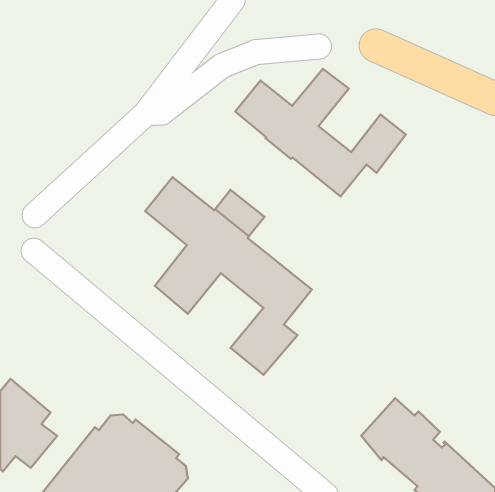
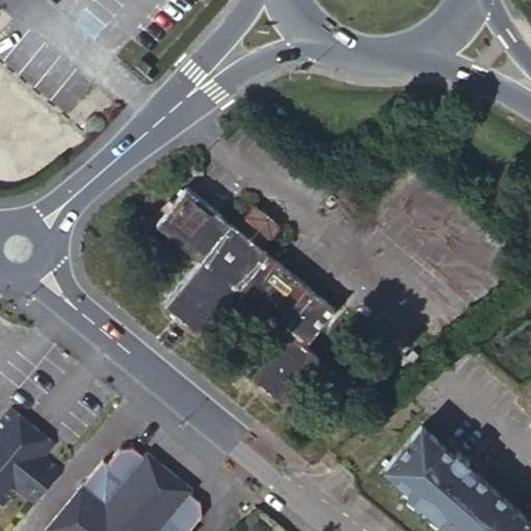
building: [235,69,406,197] -> none

